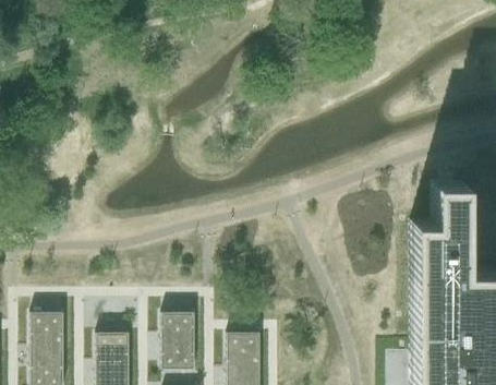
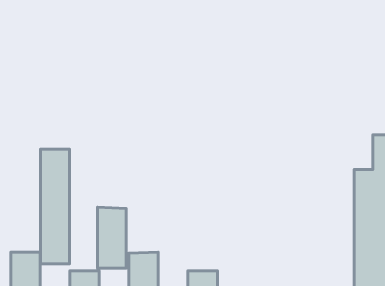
building: none -> [40,149,70,264]
building: none -> [97,207,126,268]

